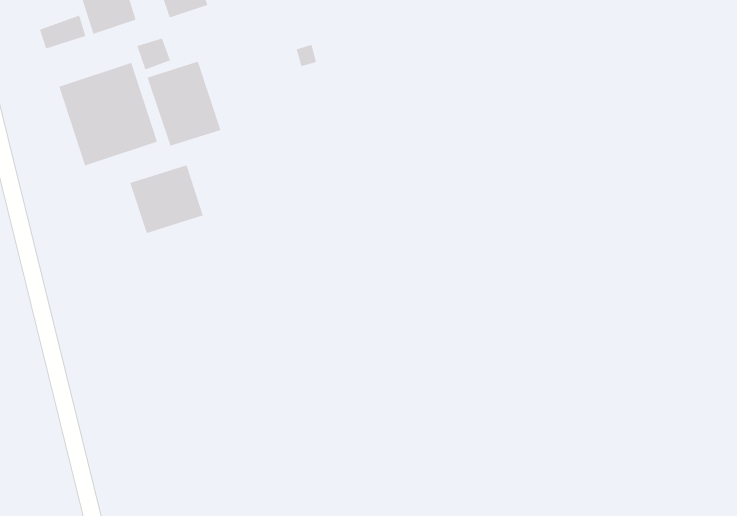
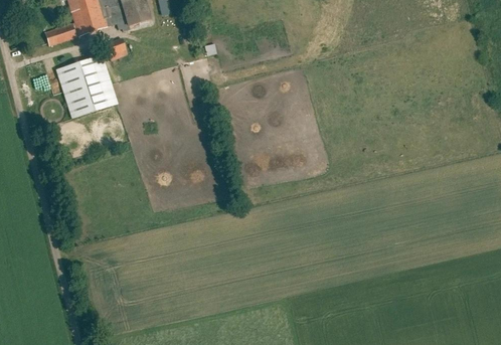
building: [147,61,221,147] -> none
building: [130,164,204,234] -> none

